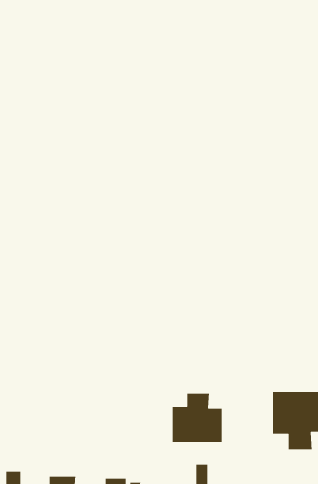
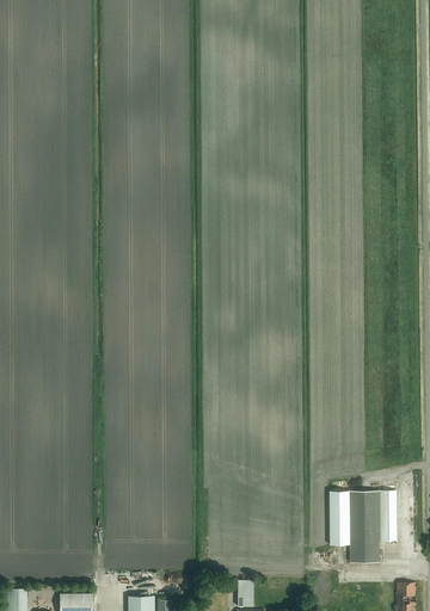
building: [172,393,223,443] -> none

